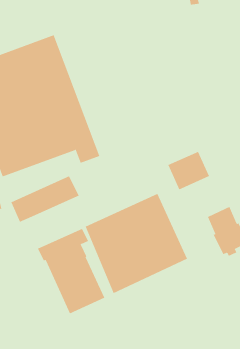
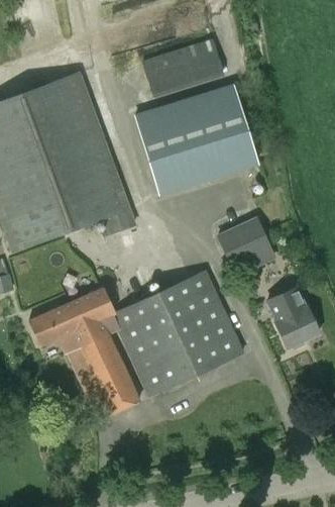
building: none -> [141,38,224,98]
building: none -> [127,90,253,198]
building: [11,176,79,223] -> [29,288,115,346]

